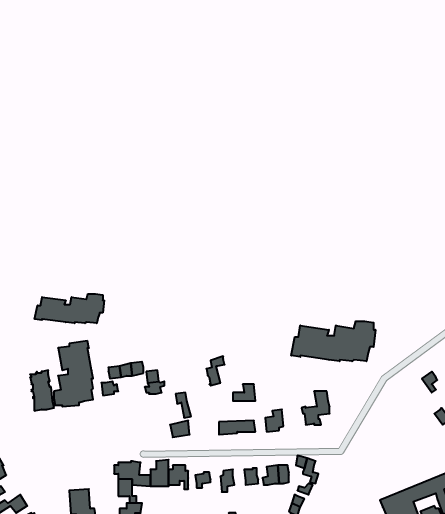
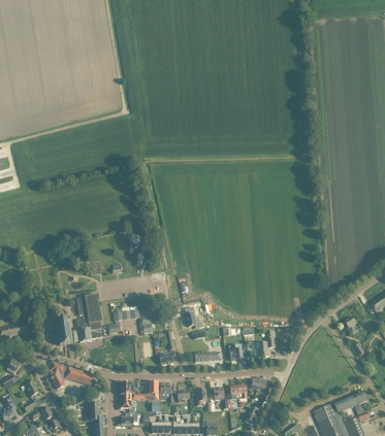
building: [35,294,104,323] -> none
building: [291,321,375,361] -> none
building: none -> [47,362,93,390]

